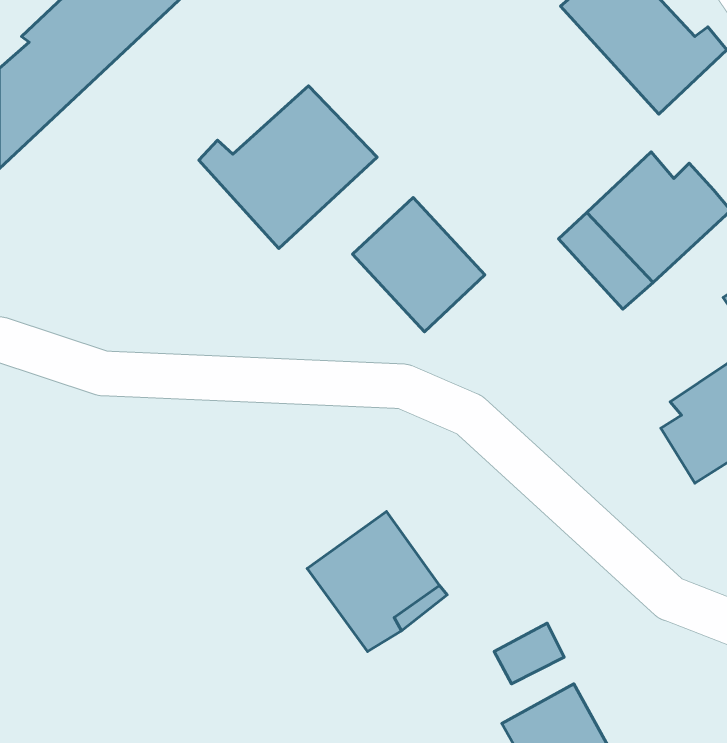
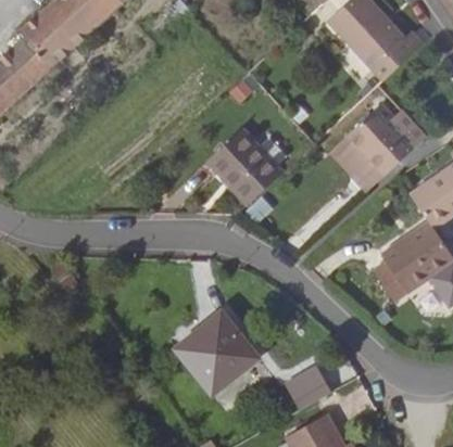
building: [199,86,377,249] -> none

